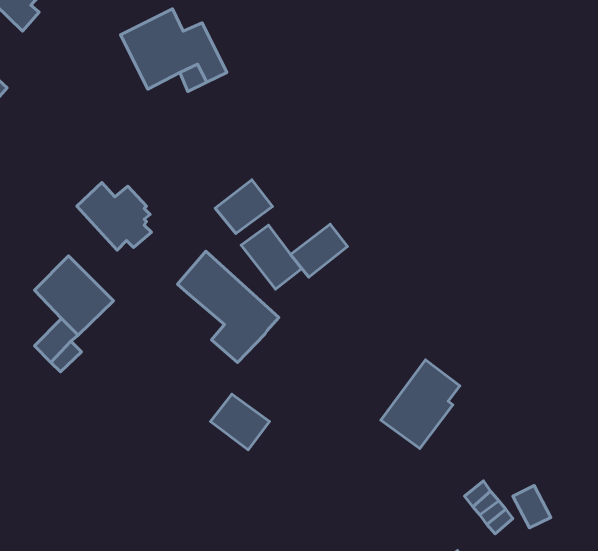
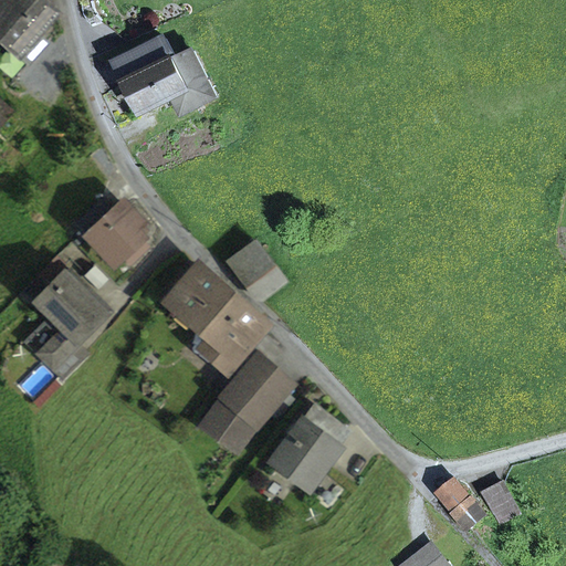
building: [215,180,272,234] -> none
building: [290,224,348,277] -> none
building: none -> [219,342,289,423]
building: [381,360,460,449] -> [270,403,344,486]

